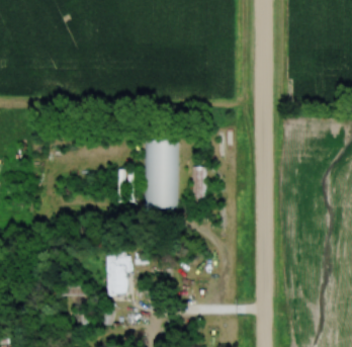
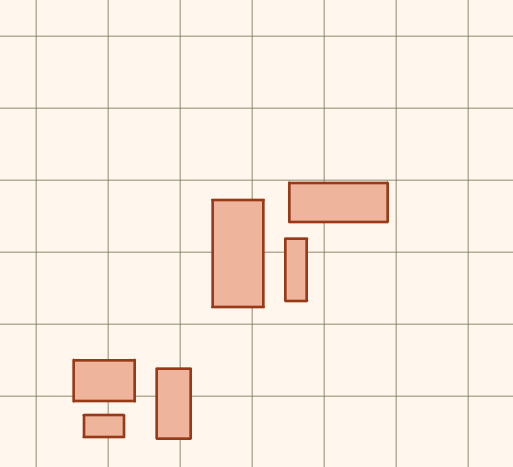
building: none -> [289,183,387,222]
building: none -> [74,360,135,401]

